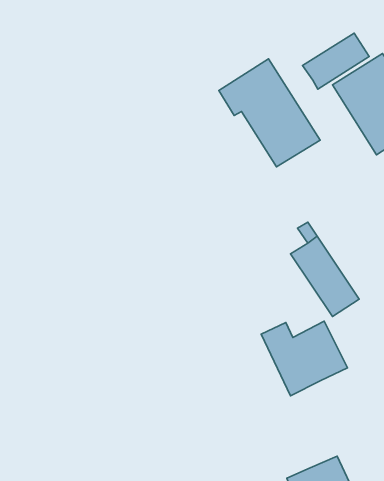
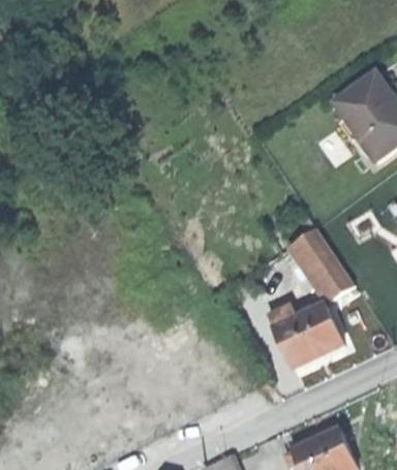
building: [303,33,369,89] -> none
building: [219,59,320,167] -> none

